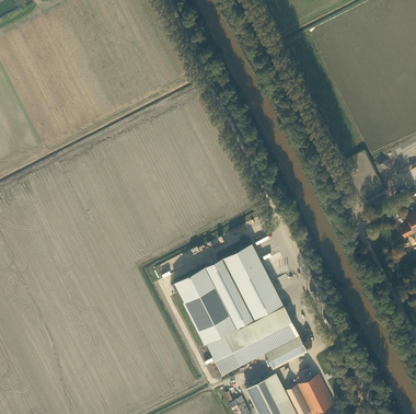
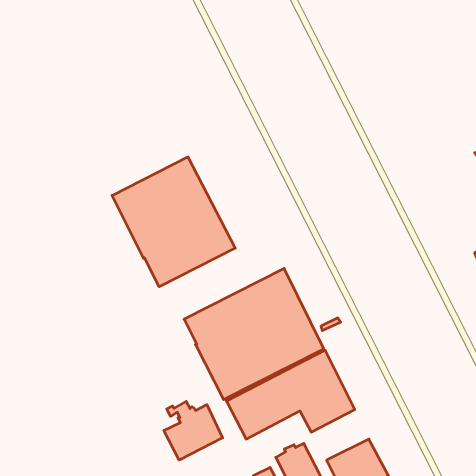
building: none -> [112,157,235,287]
building: none -> [164,401,223,460]

